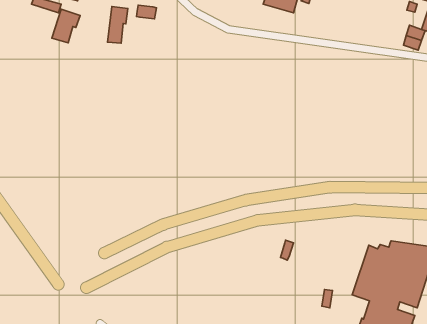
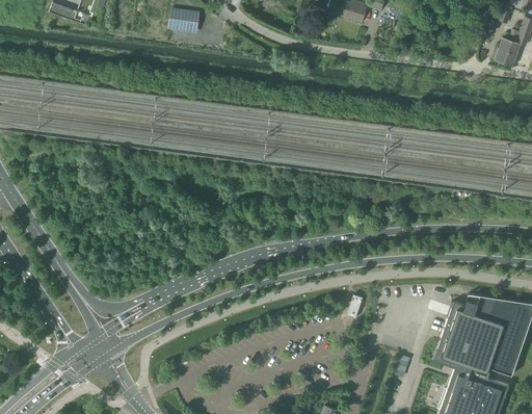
building: [108,6,128,43] -> none
building: [52,9,80,43] -> none

